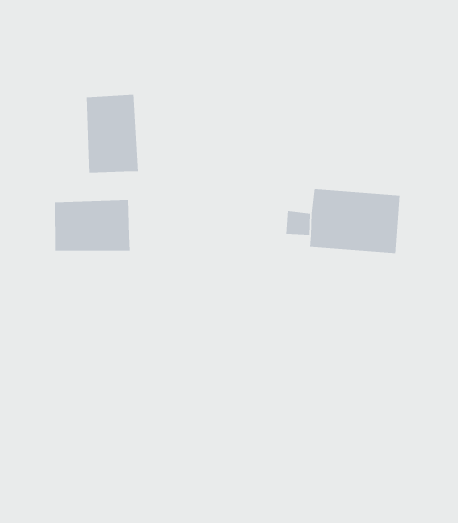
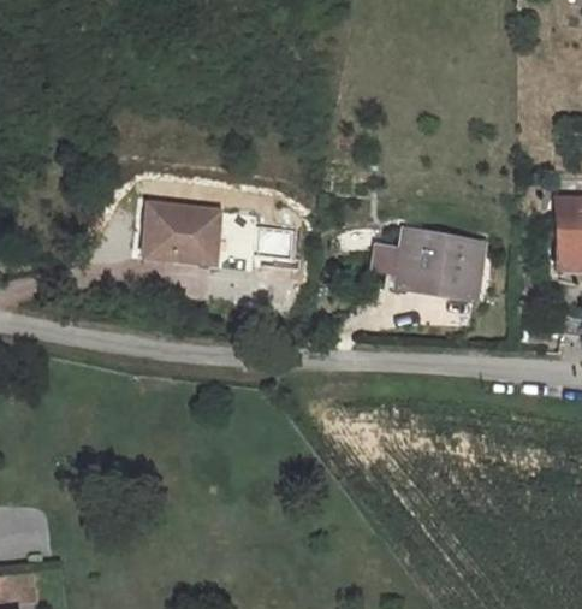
building: [86,94,139,173] -> none

